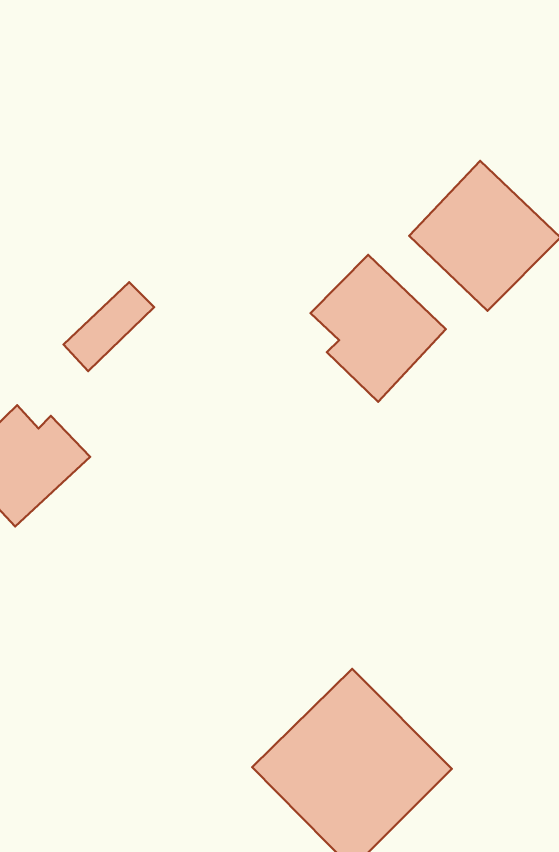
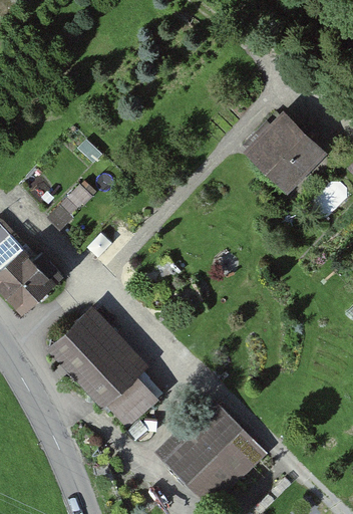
building: [310,255,446,402] -> none
building: none -> [45,306,158,429]

